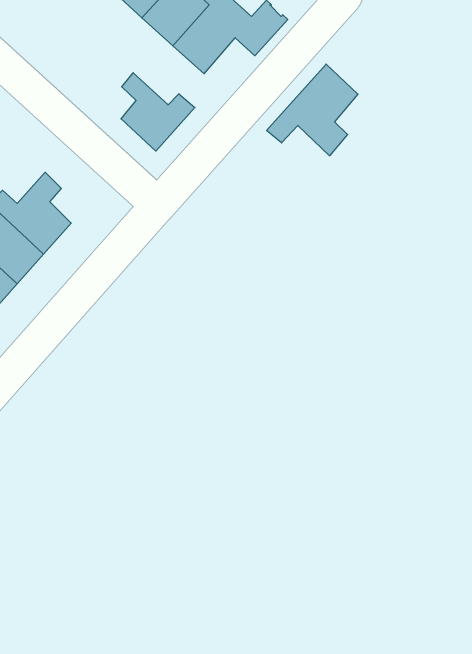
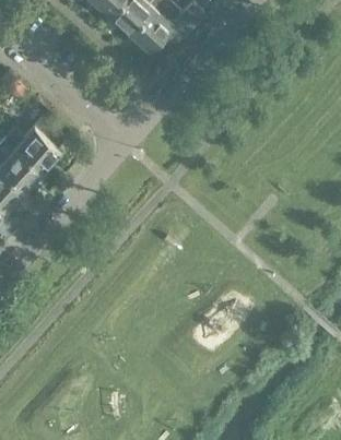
building: [267,64,358,156] -> none
building: [121,73,195,151] -> none

